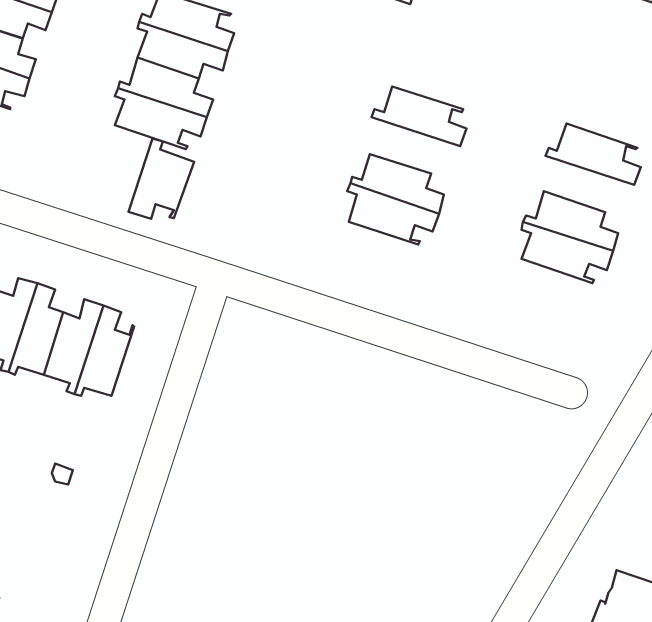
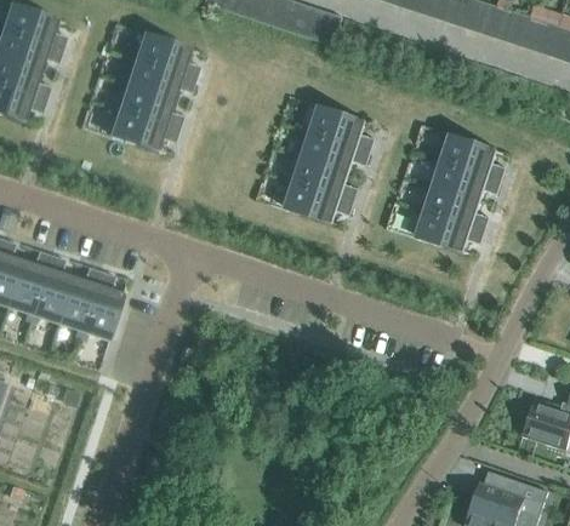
building: none -> [302,128,370,171]
building: [128,138,194,219] -> none
building: none -> [433,158,501,200]

